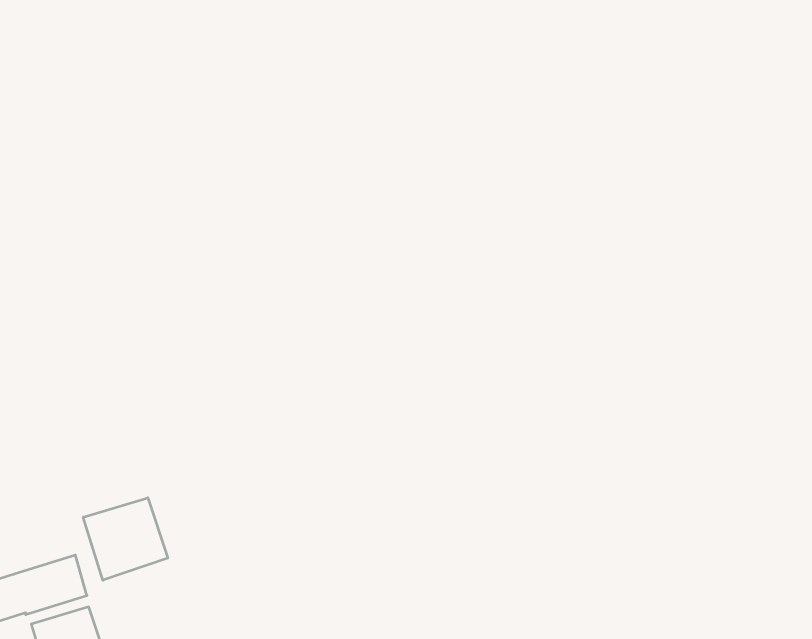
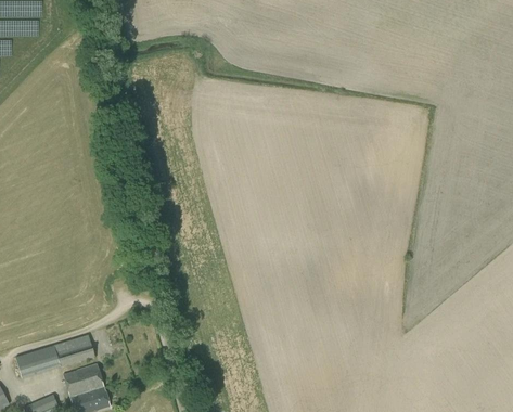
building: [83,498,168,580] -> none

